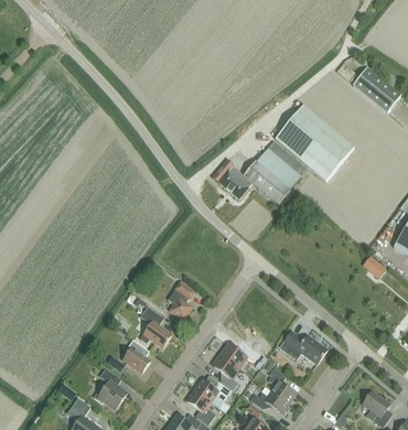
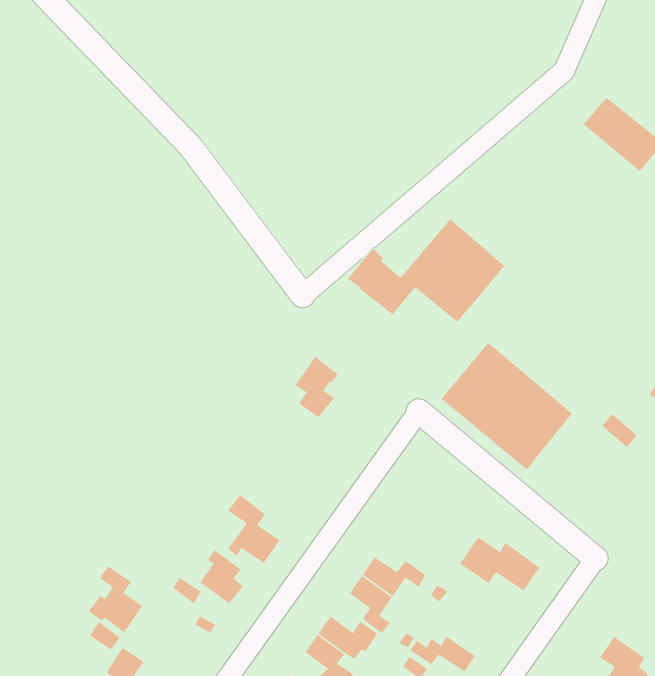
building: [275,104,354,181] -> [440,342,573,470]
building: [168,281,194,319] -> [295,356,339,418]
building: [268,367,297,402] -> none
building: [94,368,127,409] -> [88,565,143,633]

